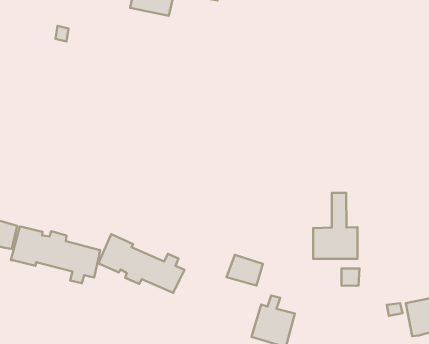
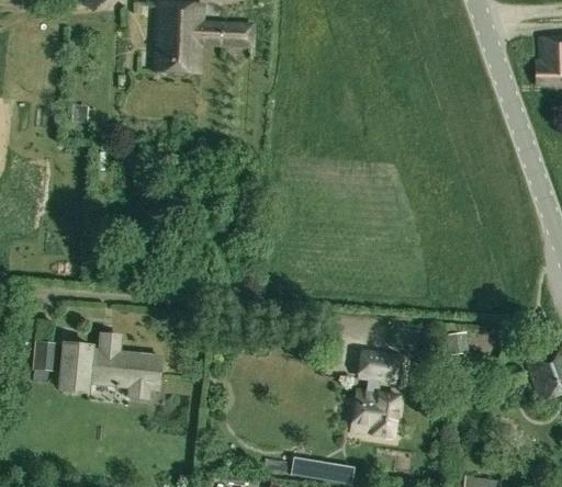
building: [313,193,357,259] -> none
building: [99,234,184,293] -> none
building: [227,255,263,286] -> [358,350,397,382]

